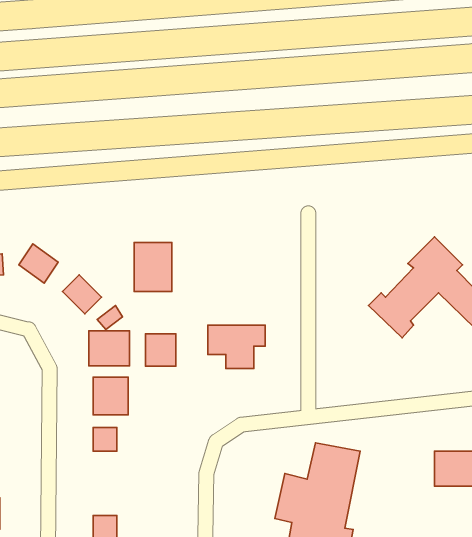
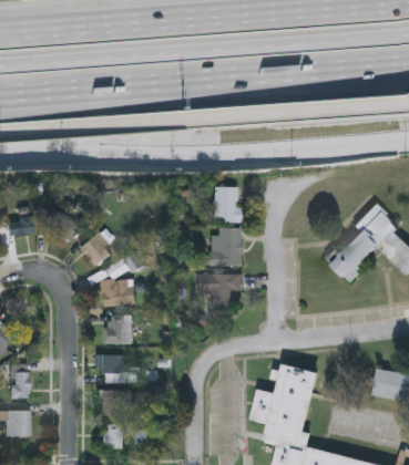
building: none -> [214,185,239,221]
building: [134,243,172,292] -> [212,226,242,265]
building: [146,334,176,366] -> none
building: none -> [101,390,125,414]

